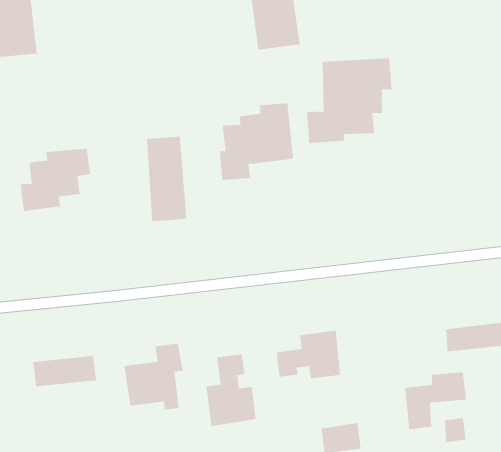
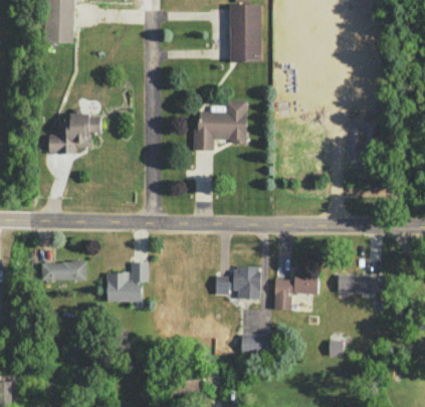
building: [306,57,392,144] -> none
building: [146,136,187,222] -> none
building: [206,354,256,427] -> none
building: [405,372,467,430] -> [274,272,318,310]

